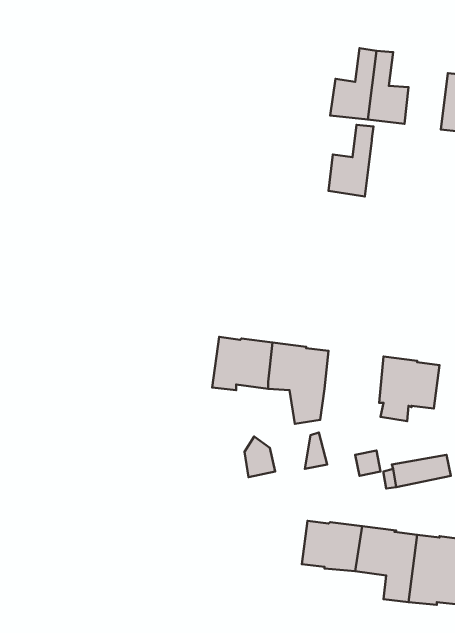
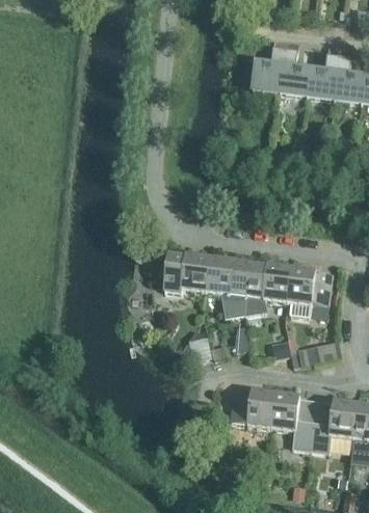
building: [328,125,373,196] -> [308,47,341,100]
building: none -> [245,264,292,315]

